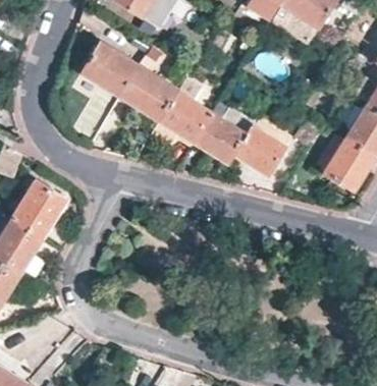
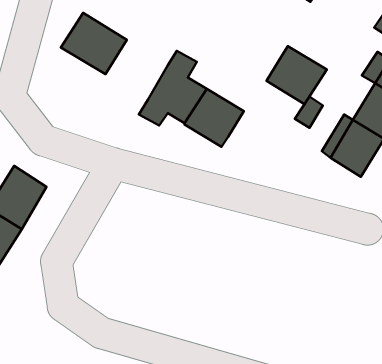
building: [120,66,177,121] -> none
building: [232,123,287,176] -> [267,46,327,104]

